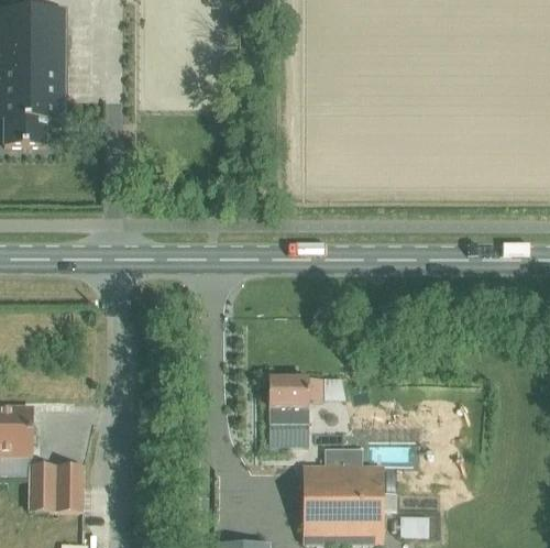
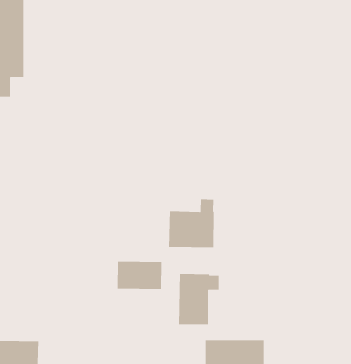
building: none -> [168,199,214,248]
building: none -> [117,261,162,290]

